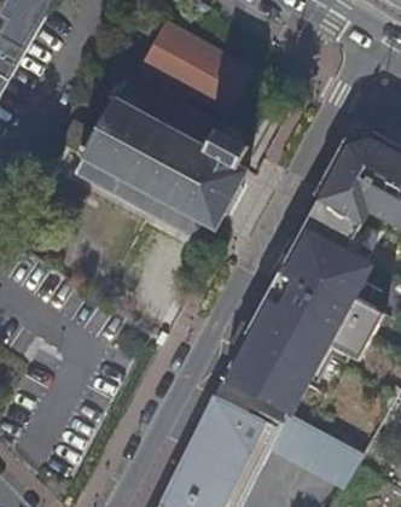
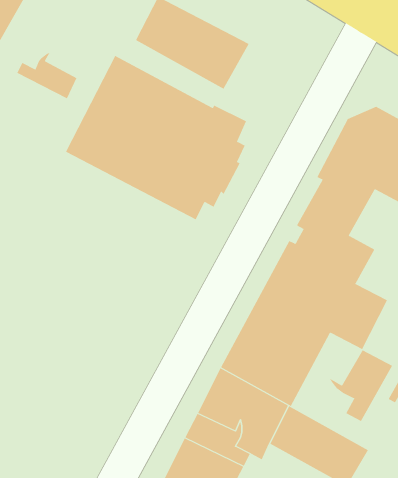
building: none -> [17,51,77,99]
building: none -> [328,349,393,422]

